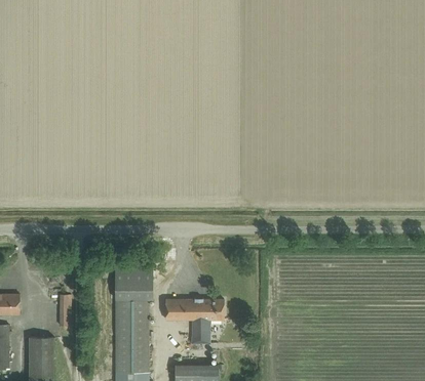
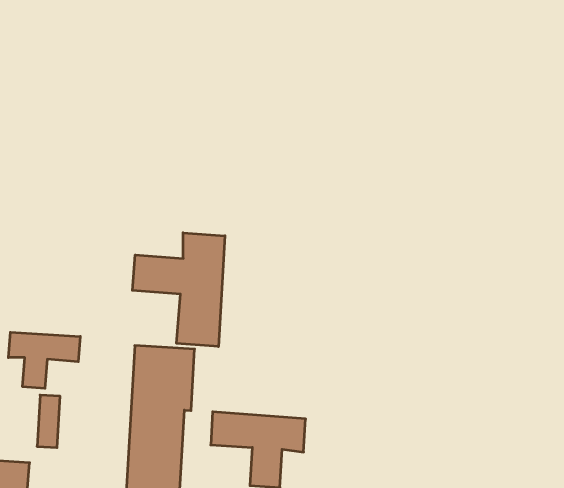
building: none -> [132,233,225,347]
building: none -> [8,332,80,388]

